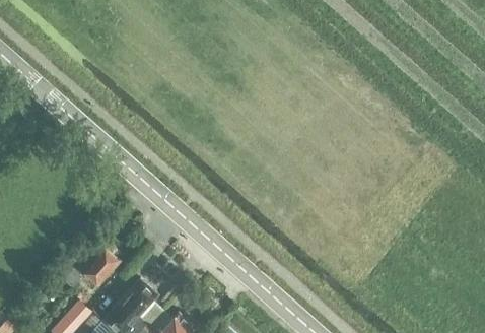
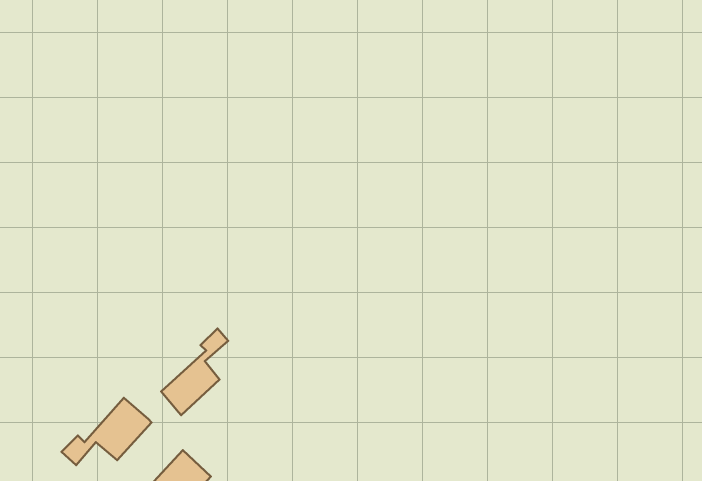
building: none -> [161,328,228,415]

